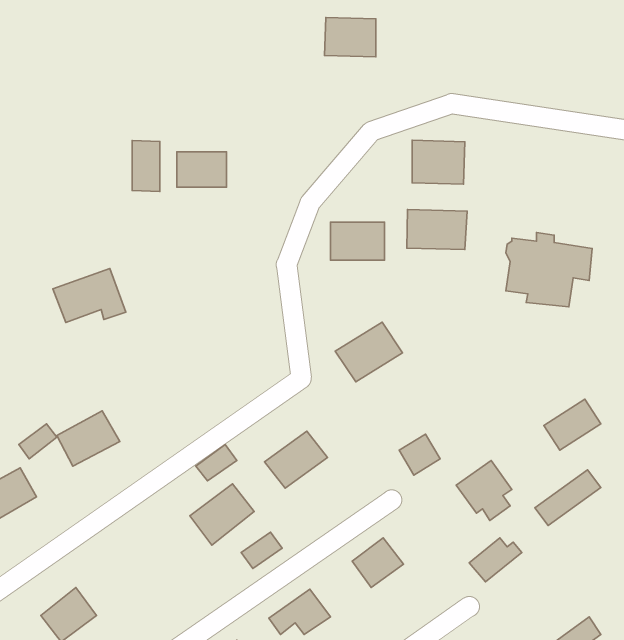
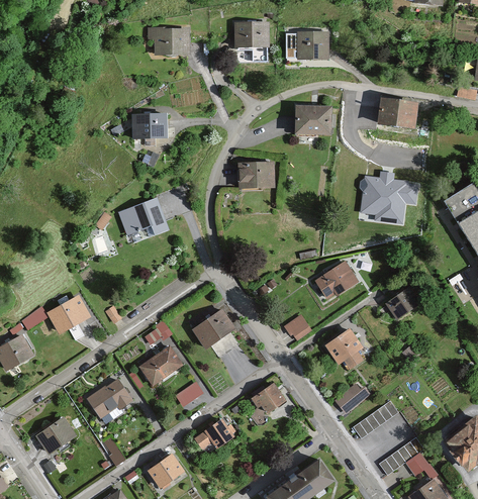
building: none -> [148,28,188,56]
building: none -> [289,30,330,61]
building: none -> [377,100,418,131]
building: [132,140,160,192] -> none
building: [407,209,467,250] -> none
building: [53,268,126,323] -> [117,199,168,236]
building: [335,322,403,382] -> [312,262,359,303]
building: [535,470,601,525] -> [353,400,398,438]
building: none -> [89,376,131,417]

